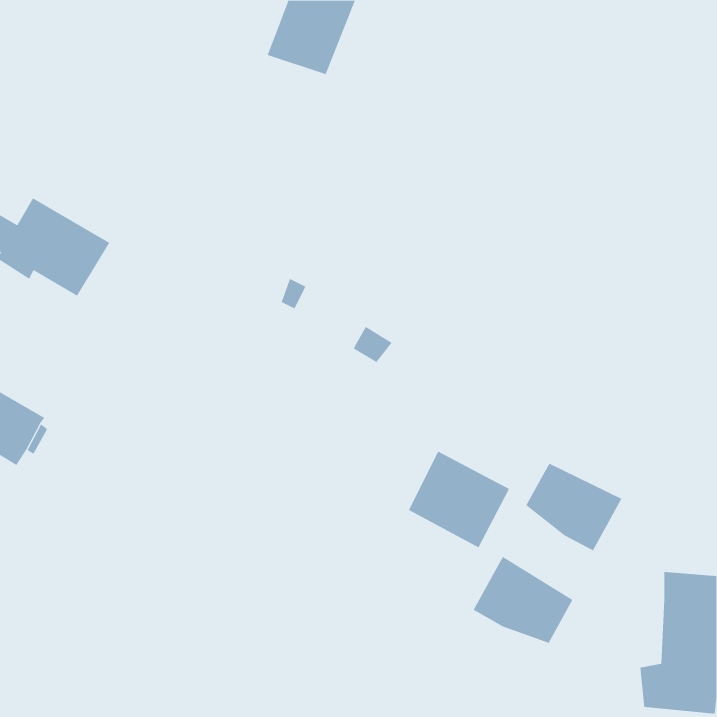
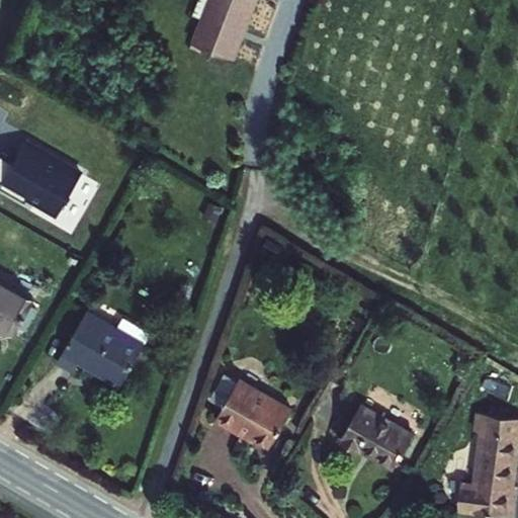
building: none -> [57,311,143,386]
building: [408,451,510,548] -> [217,378,289,448]
building: [525,463,622,551] -> none

